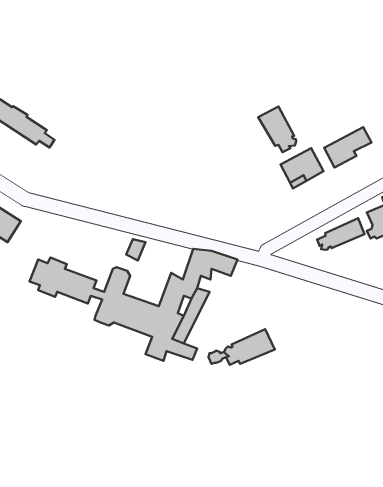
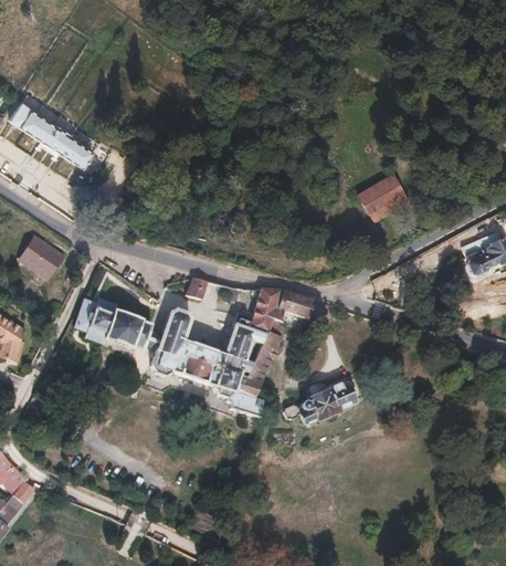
building: [258,107,296,152] -> none
building: [324,127,371,167] -> none
building: [317,218,364,250] -> none

